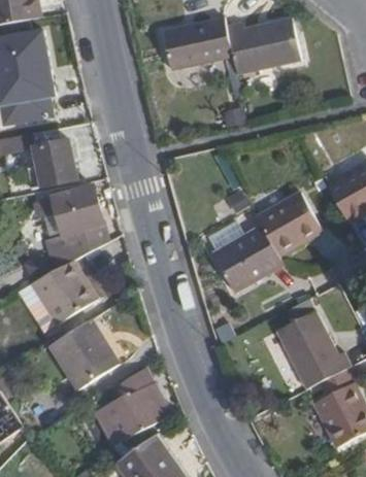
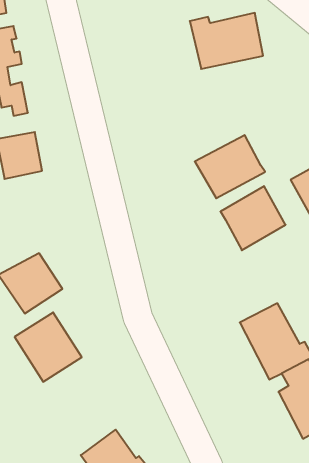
building: [160,16,231,69] -> none
building: [52,182,101,260] -> none
building: [209,226,280,289] -> [195,135,265,198]
building: [89,371,168,447] -> none

